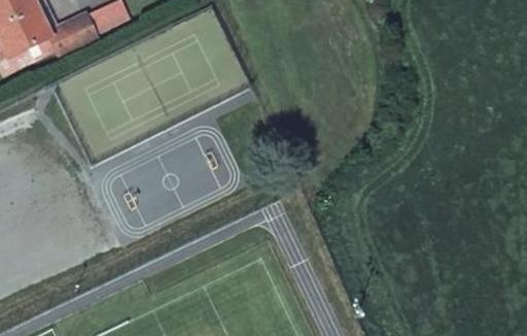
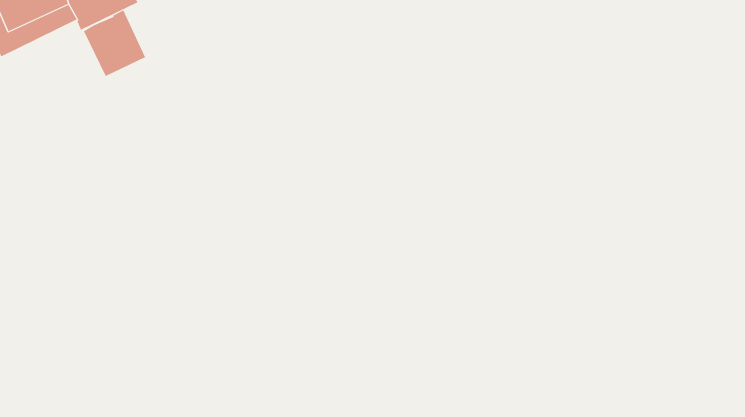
building: none -> [83,10,146,77]

